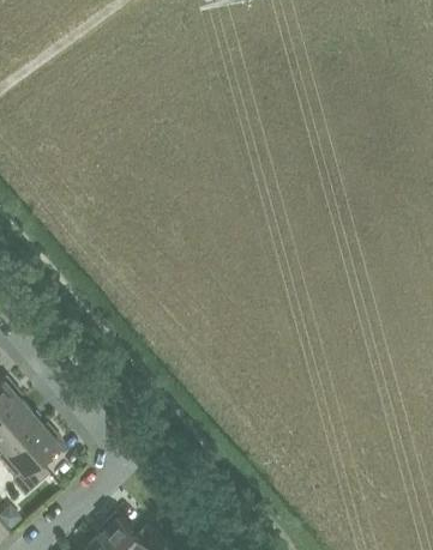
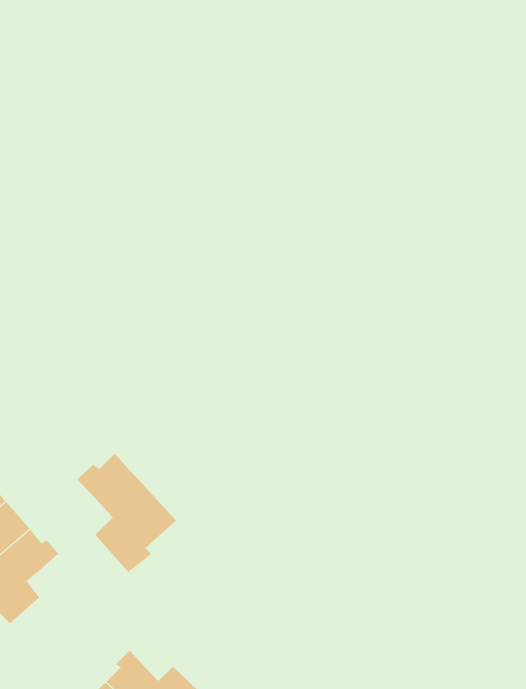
building: none -> [76,453,177,573]

